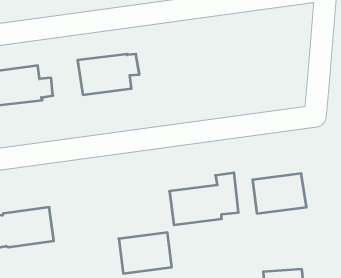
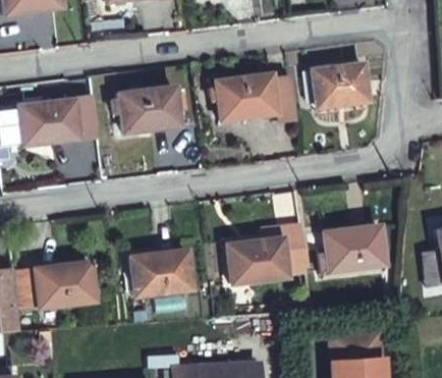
building: none -> [312,62,368,108]
building: none -> [215,74,297,121]
building: [119,233,172,273] -> [127,250,188,296]

